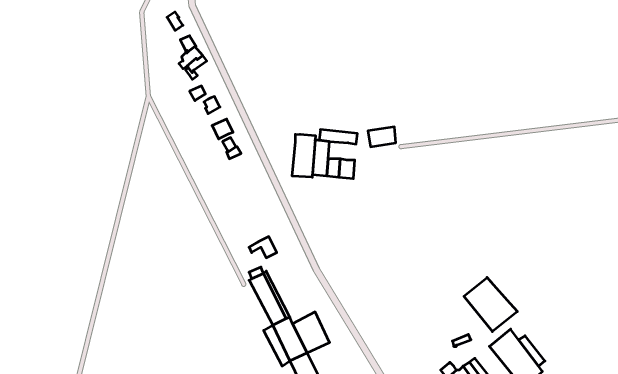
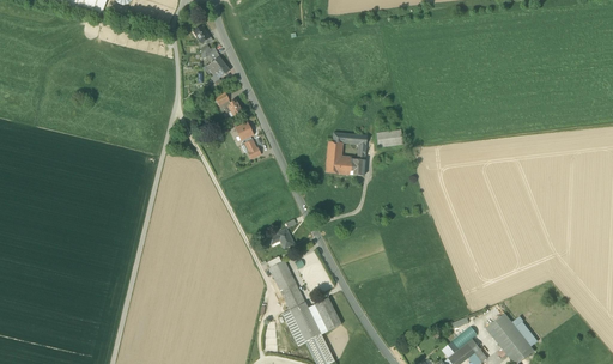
building: [292,134,315,177] -> none
building: [464,277,517,332] -> none

